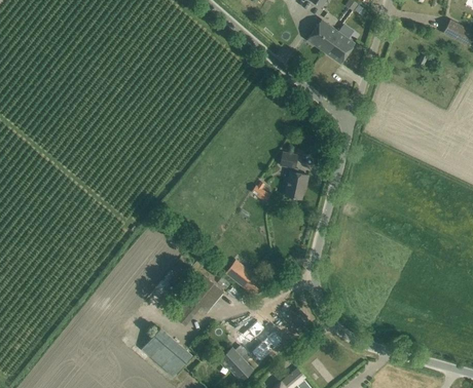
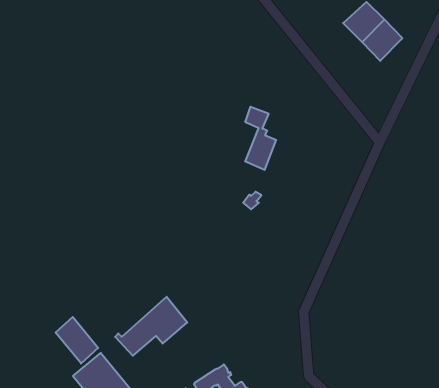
building: [280,152,306,199] -> [245,107,276,170]
building: [225,267,266,295] -> none
building: none -> [56,317,98,364]

